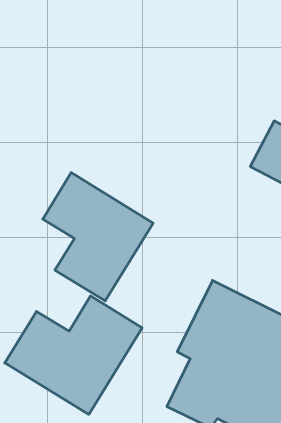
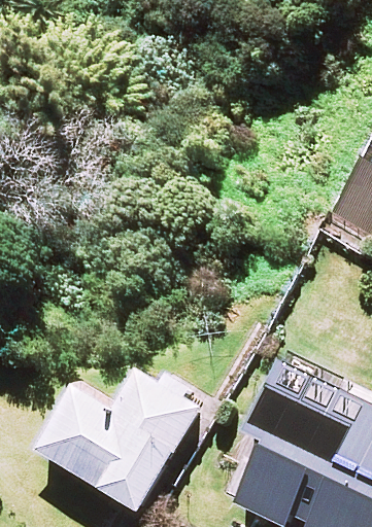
building: [43,173,153,301] -> none

